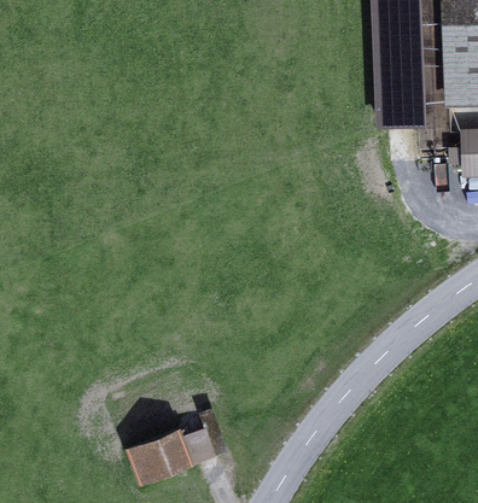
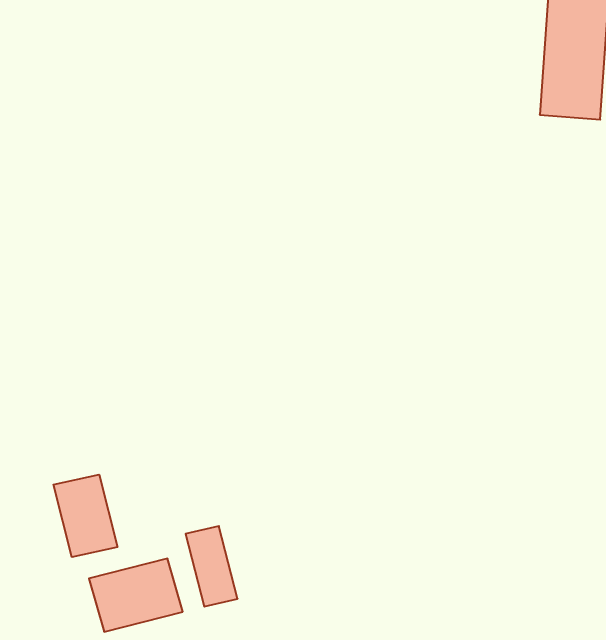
building: none -> [53,475,117,557]

